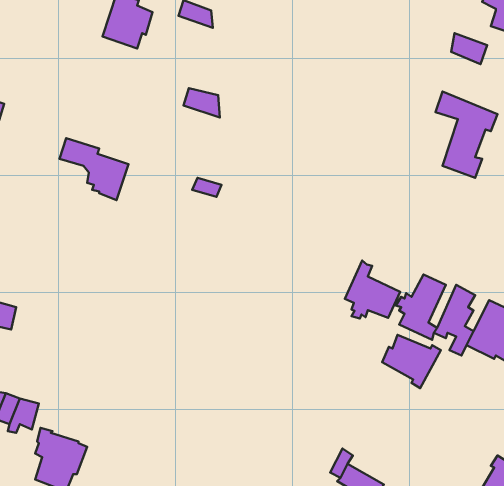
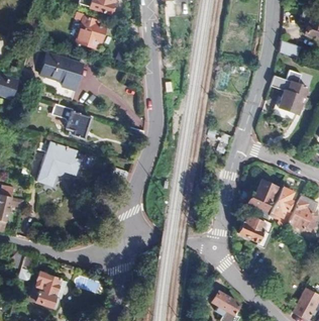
building: none -> [40,54,83,101]
building: none -> [34,139,81,186]
building: [345,261,400,319] -> none

